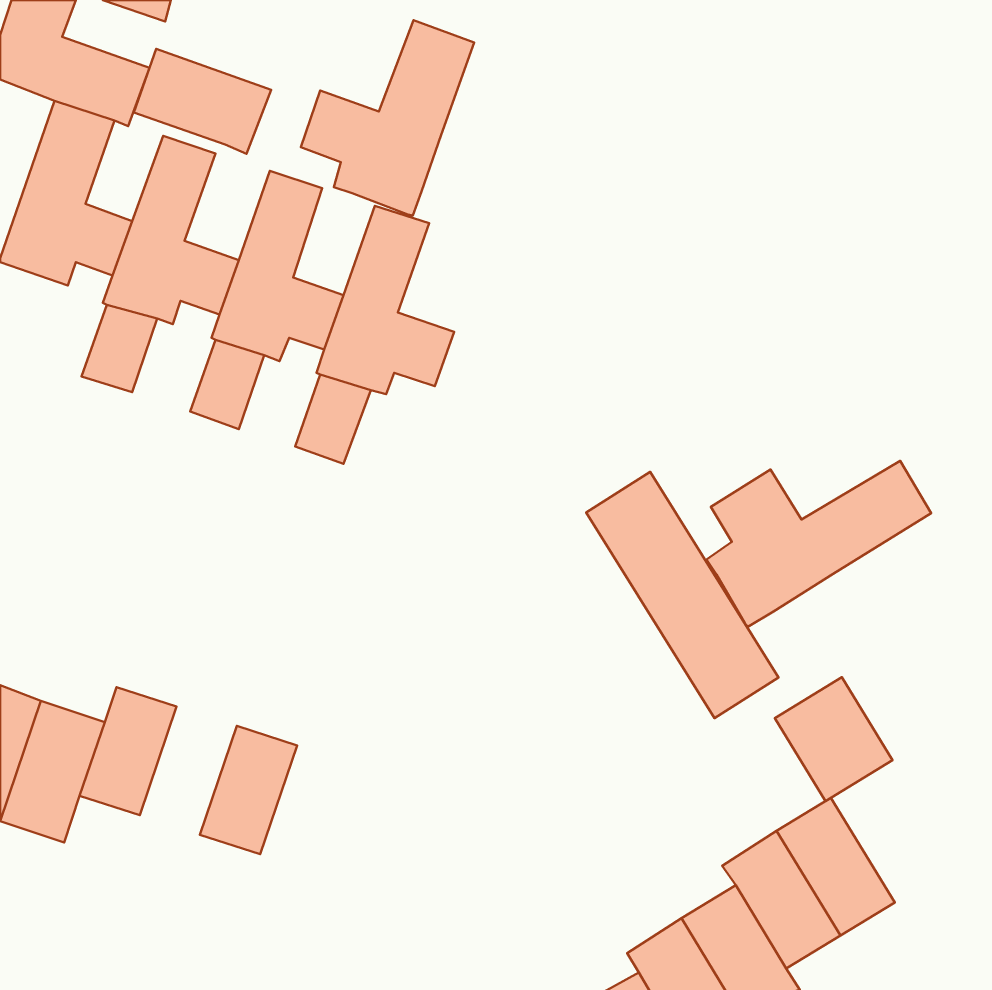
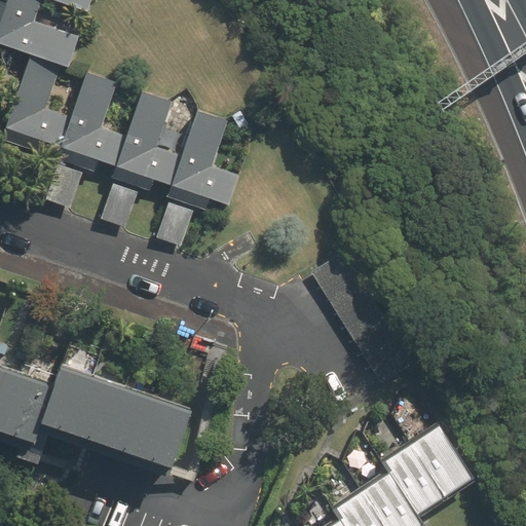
building: [301,20,474,216] -> none
building: [134,49,271,154] -> none
building: [706,461,931,627] -> none
building: [775,677,892,801] -> none
building: none -> [74,375,125,443]
building: none -> [138,396,189,463]

